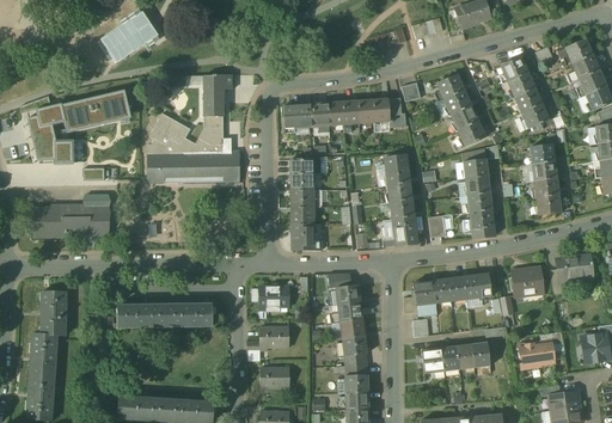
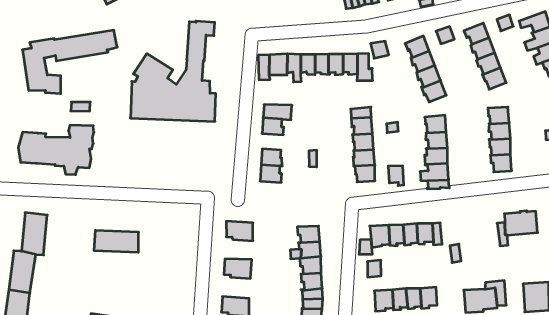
building: [290,190,322,207] -> none
building: [510,268,543,296] -> none
building: [165,304,213,326] -> none

